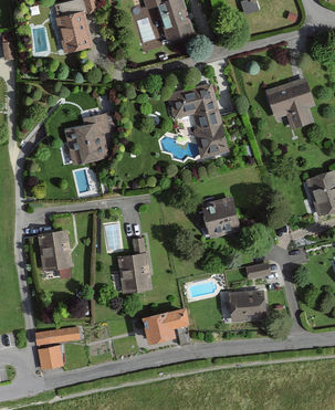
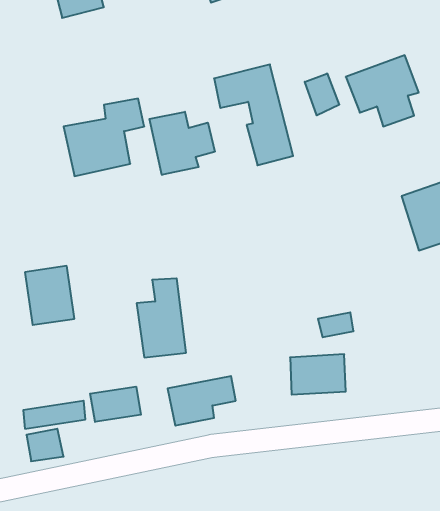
building: none -> [305,73,339,115]
building: none -> [149,112,215,175]
building: [201,199,240,238] -> none
building: none -> [90,387,141,422]

